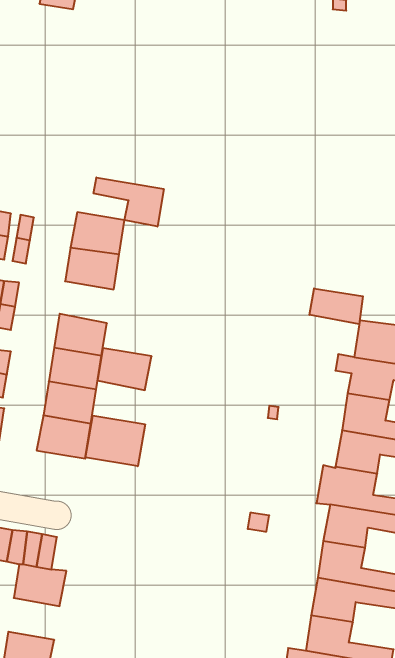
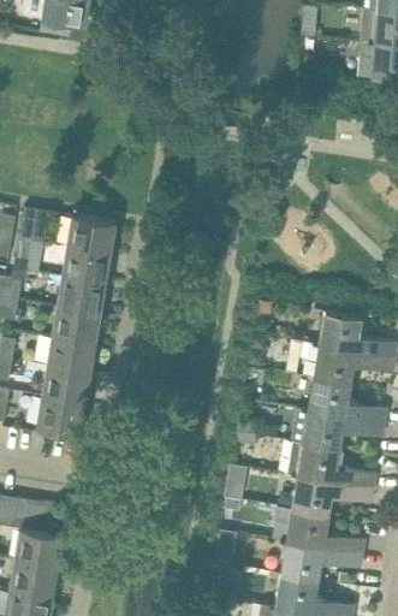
building: [94,177,164,227] -> none
building: [309,288,363,324] -> none
building: [98,348,152,390] -> [58,277,106,314]
building: [85,416,145,466] -> none
building: none -> [12,558,58,596]

